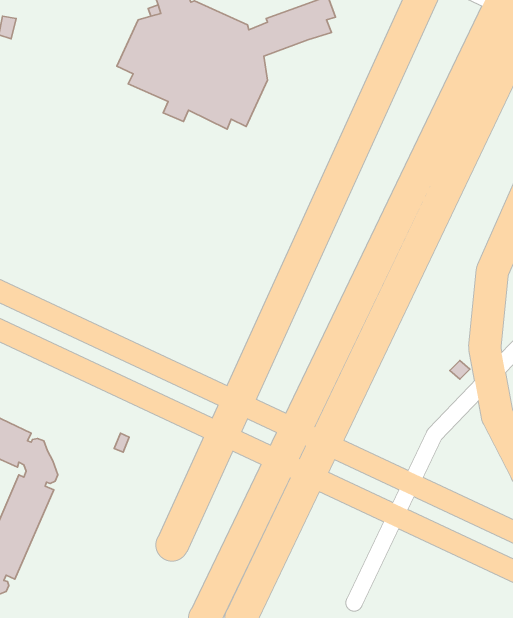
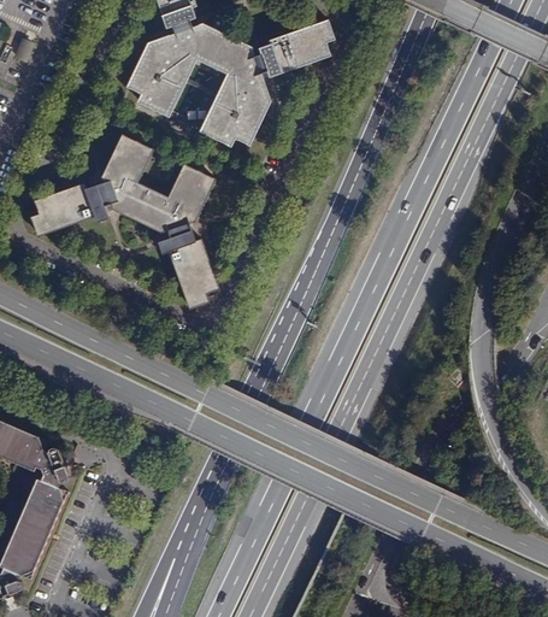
building: none -> [31,134,220,308]

